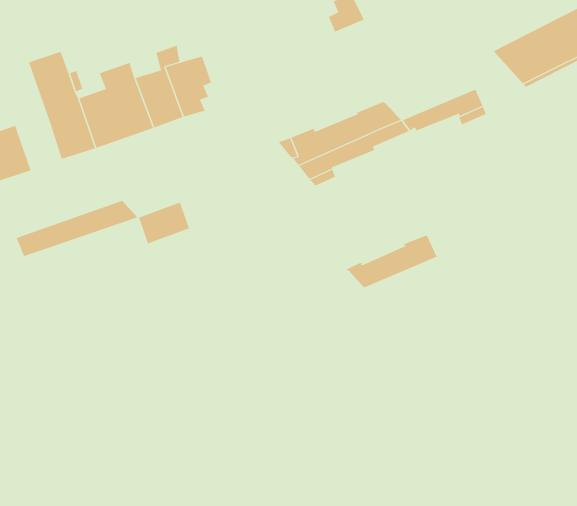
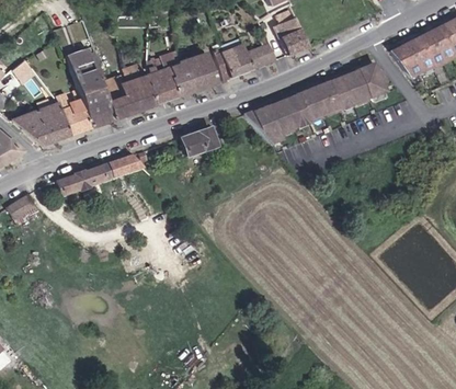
building: none -> [281,28,309,55]
building: none -> [210,32,276,80]
building: none -> [187,48,217,92]
building: none -> [60,102,90,134]
building: [138,202,190,244] -> [181,126,217,156]
building: [345,235,438,288] -> [315,61,379,99]

